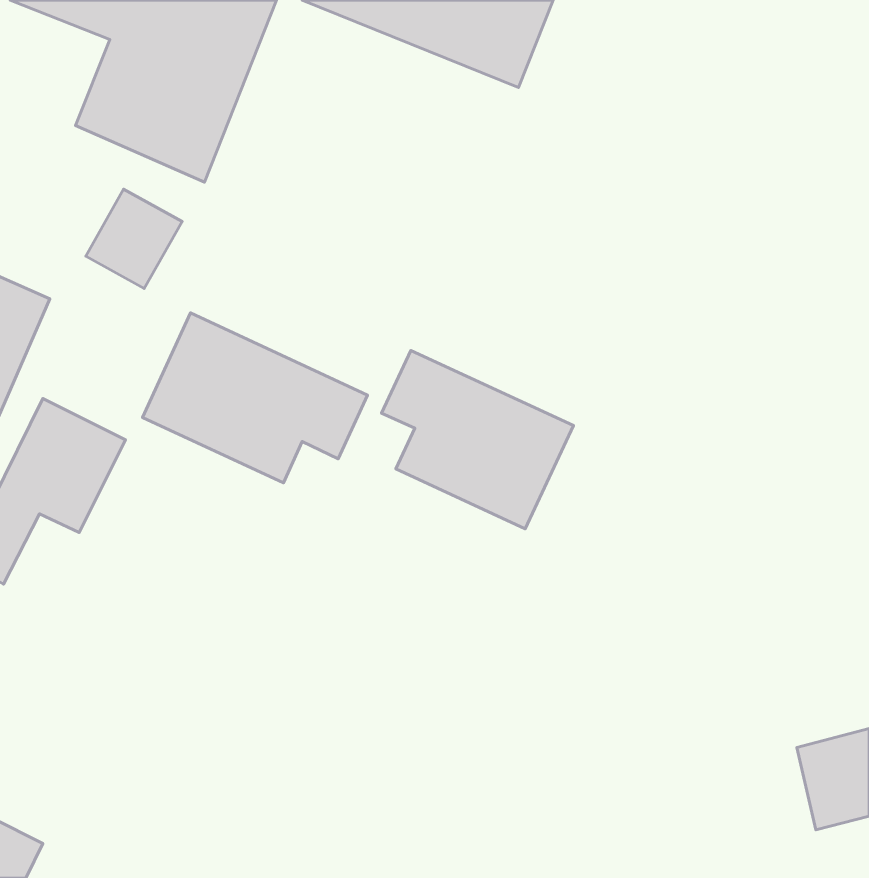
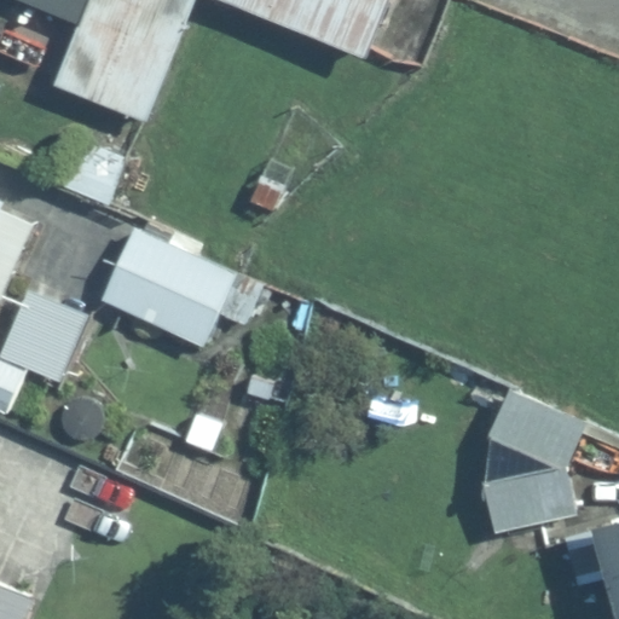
building: [381,351,574,529] -> none
building: none -> [485,383,585,527]

